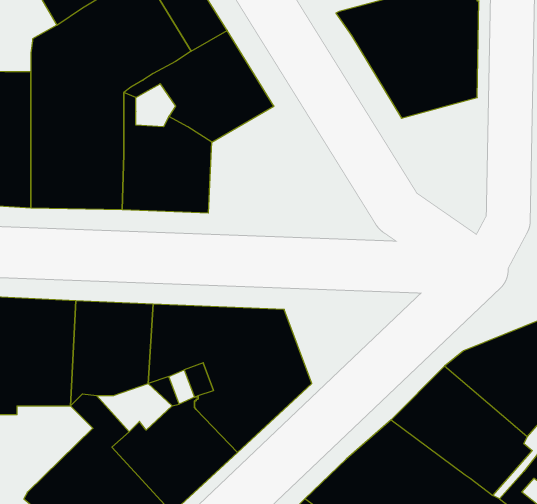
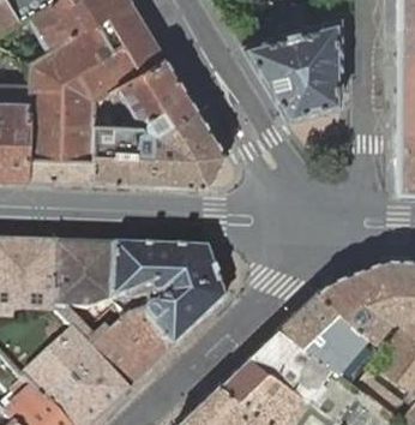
building: none -> [152,108,225,185]

